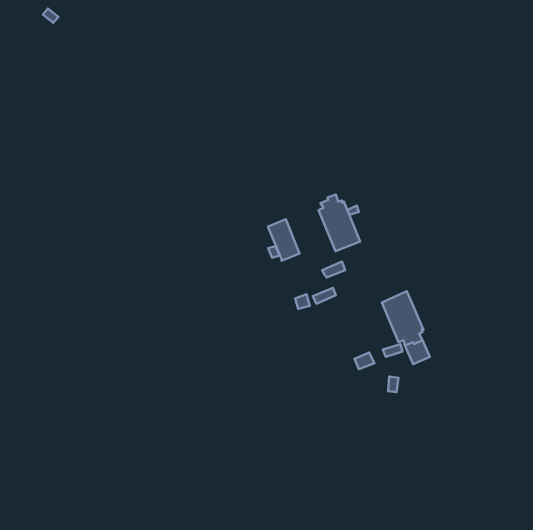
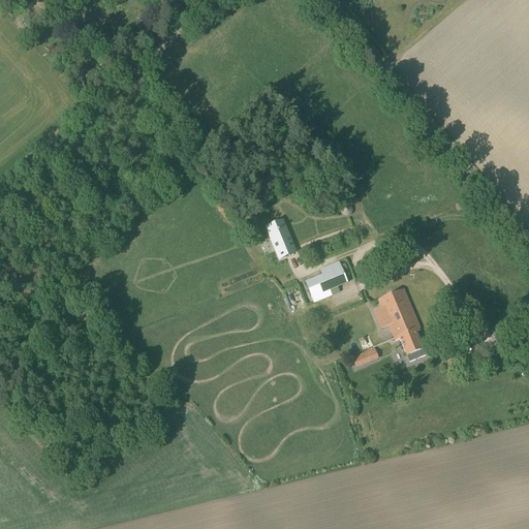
building: [318,195,360,251] -> none

